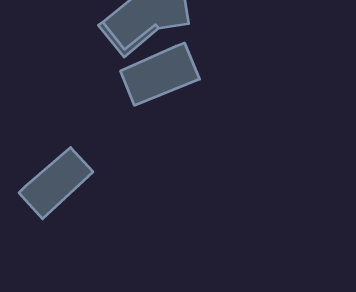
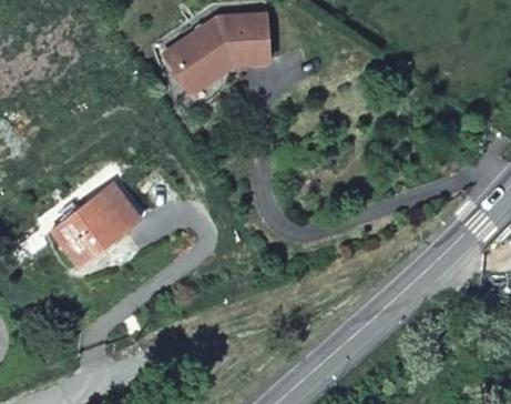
building: [121,43,200,105] -> none

